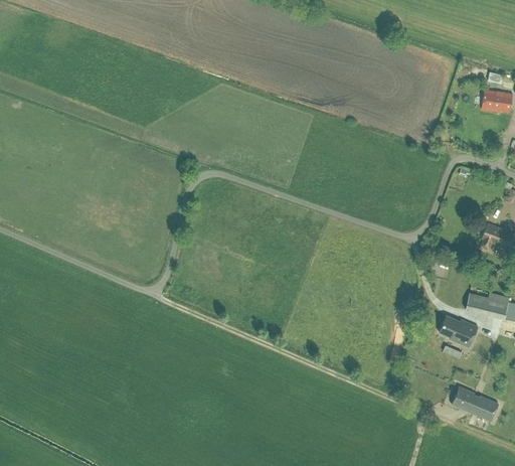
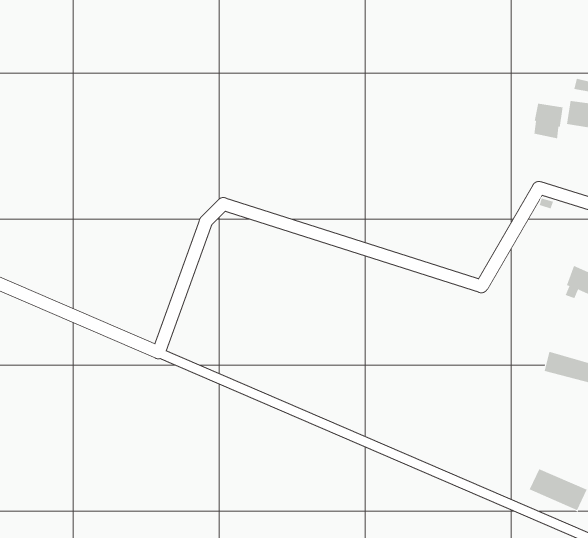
building: none -> [534,103,563,139]
building: [440,315,479,347] -> none

